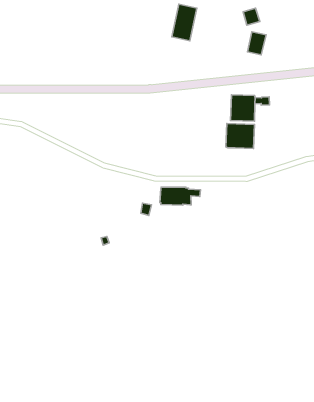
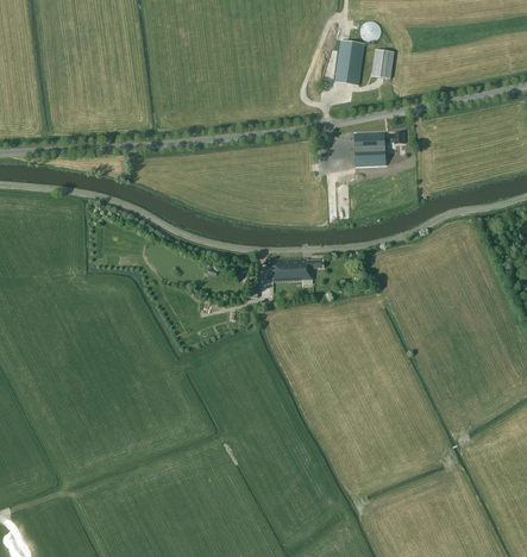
building: [172,4,197,41] -> [333,40,363,87]
building: [226,124,254,149] -> none

